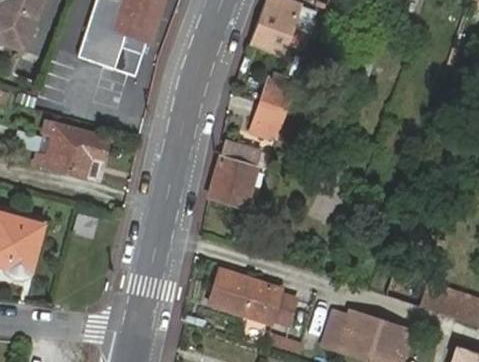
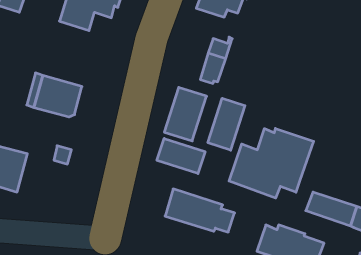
building: none -> [208,98,245,150]
building: none -> [229,128,314,198]
building: none -> [157,138,205,174]

